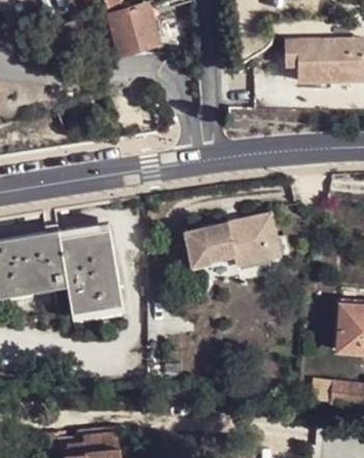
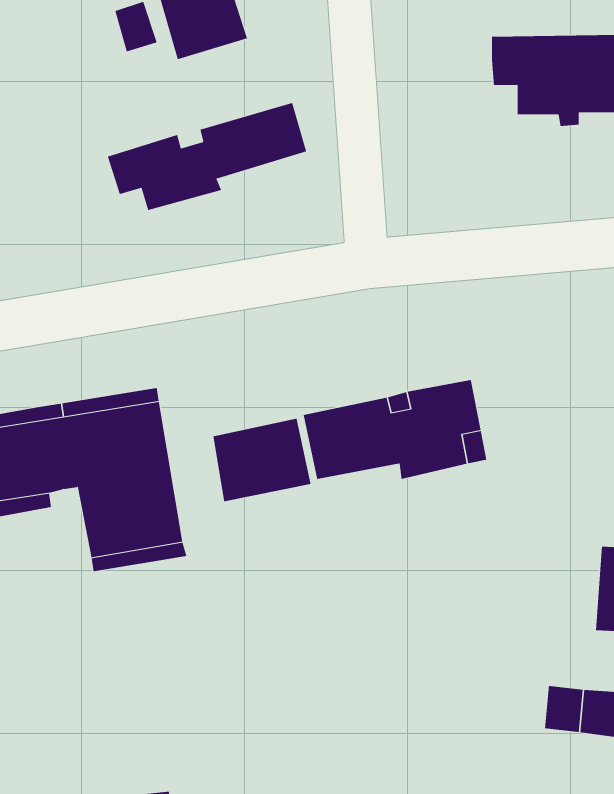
building: none -> [107,102,307,211]
building: none -> [213,418,311,502]

